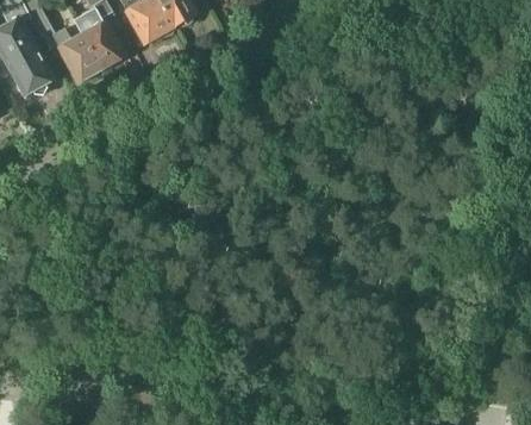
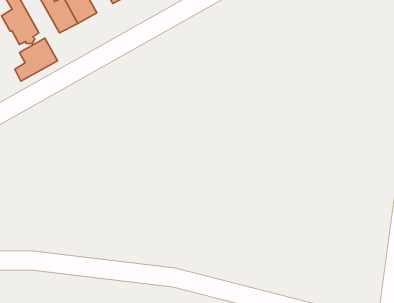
building: none -> [15,38,57,81]

